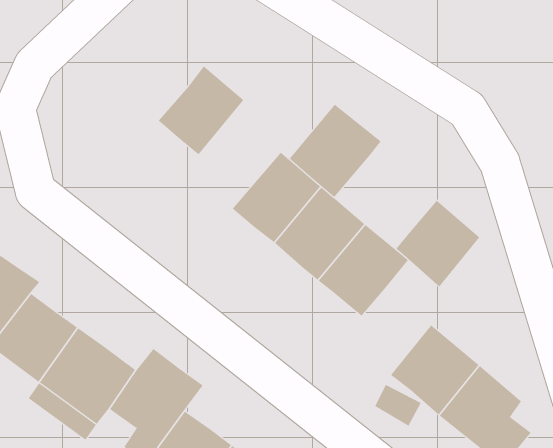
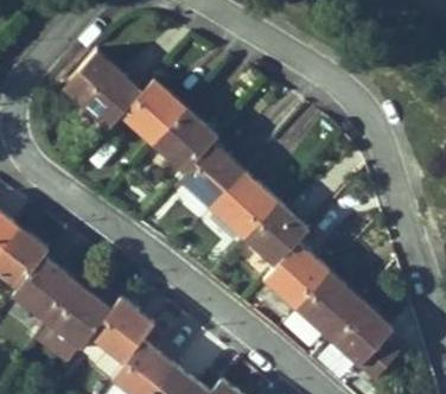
building: none -> [63,49,147,131]
building: [289,104,382,198] -> [155,104,225,176]
building: [396,200,480,288] -> [267,246,331,312]

